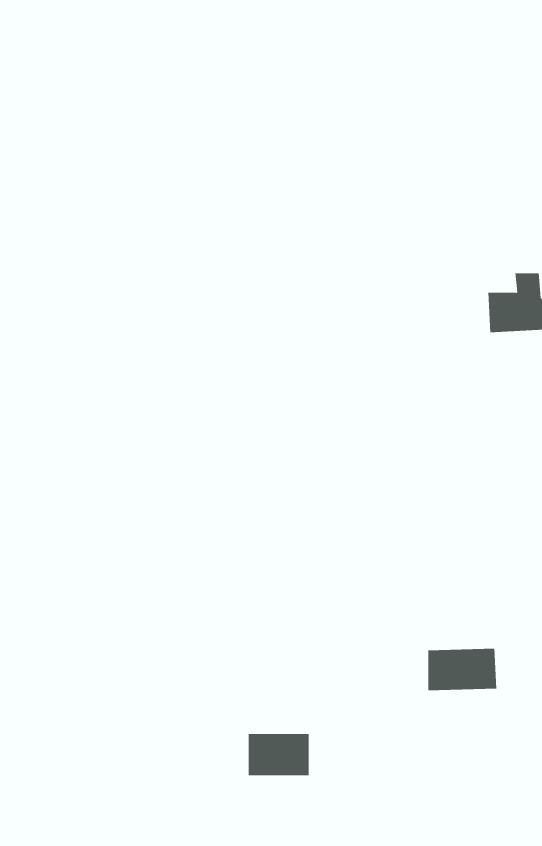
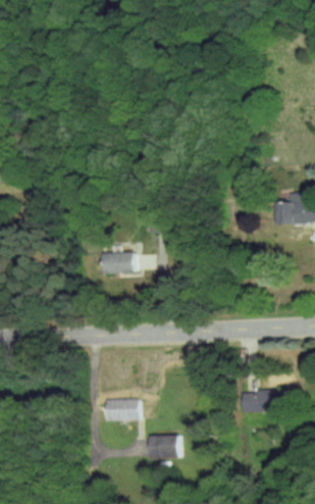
building: none -> [99,253,129,273]
building: none -> [104,400,139,422]

